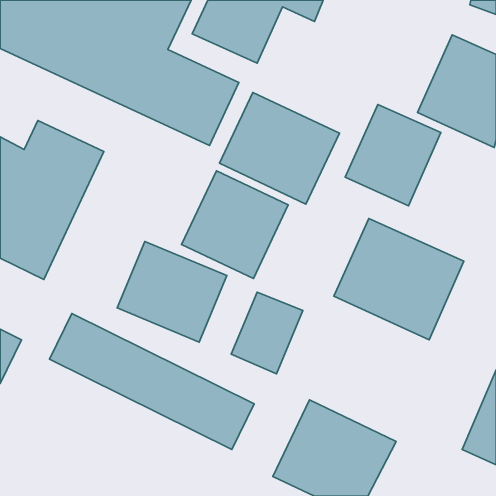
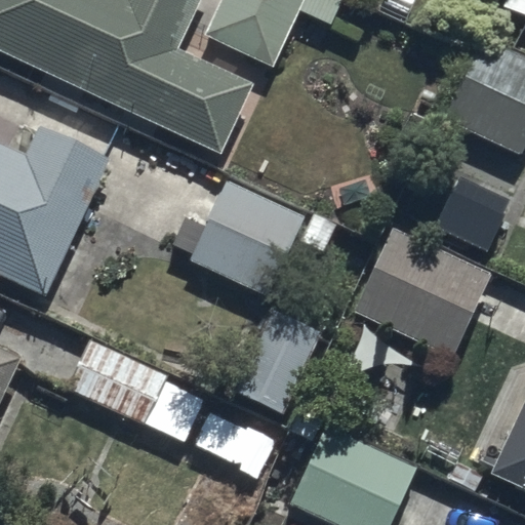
building: [219,92,339,204] -> none
building: [345,104,441,206] -> none
building: [117,241,227,342] -> none

